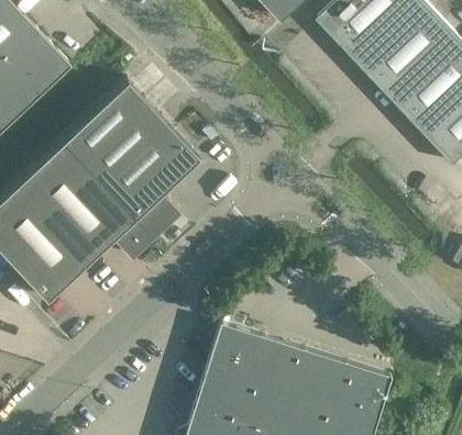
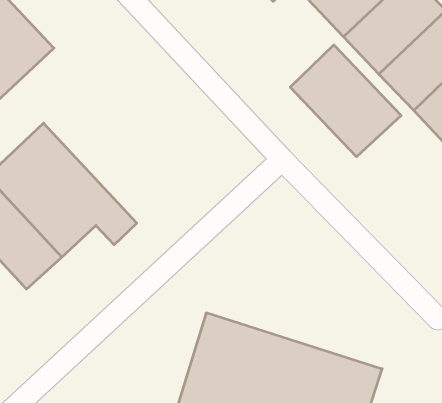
building: none -> [290,45,401,157]
building: [63,81,199,237] -> none

